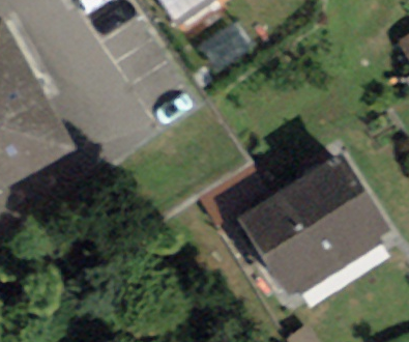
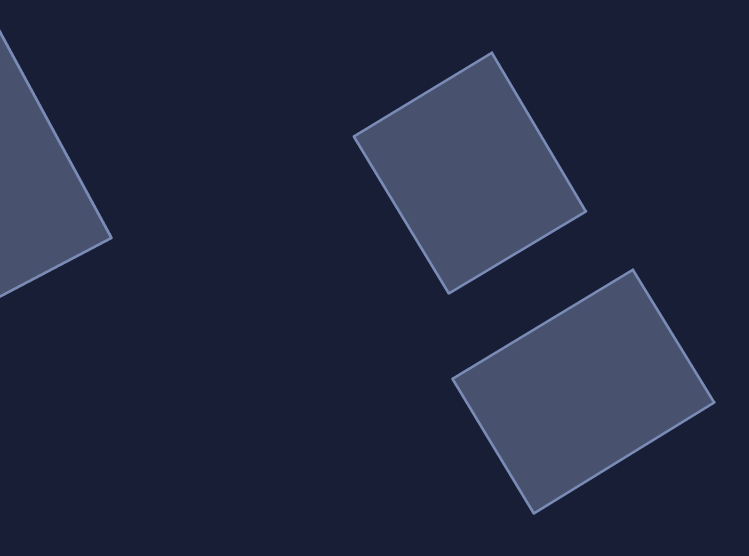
building: none -> [354,53,586,293]

